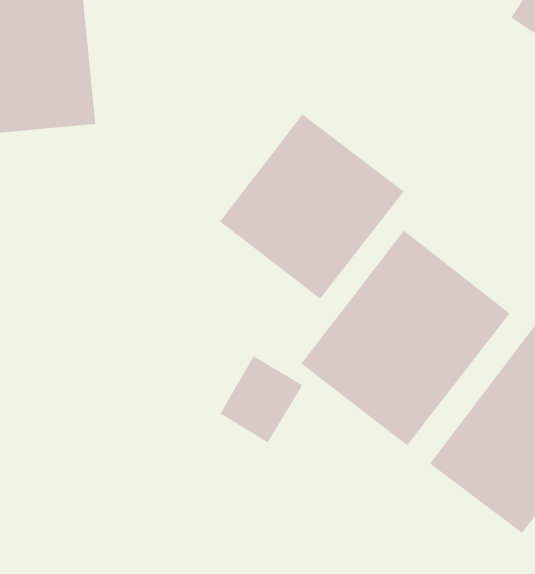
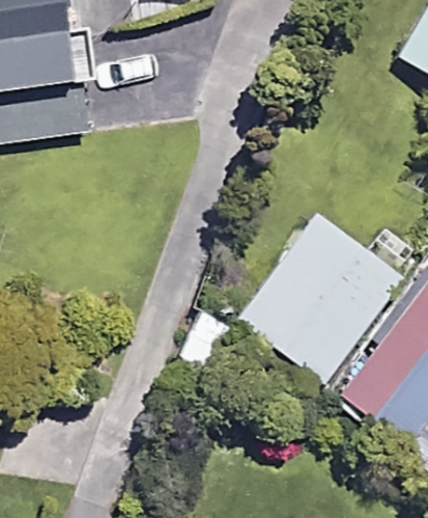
building: [219,113,404,300] -> none

